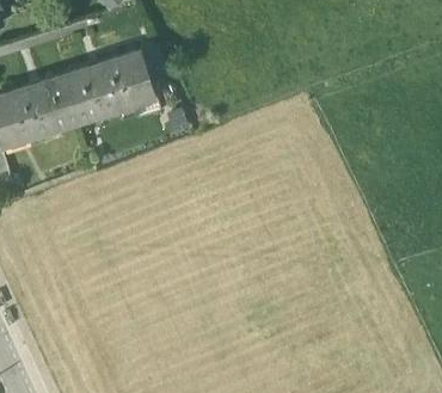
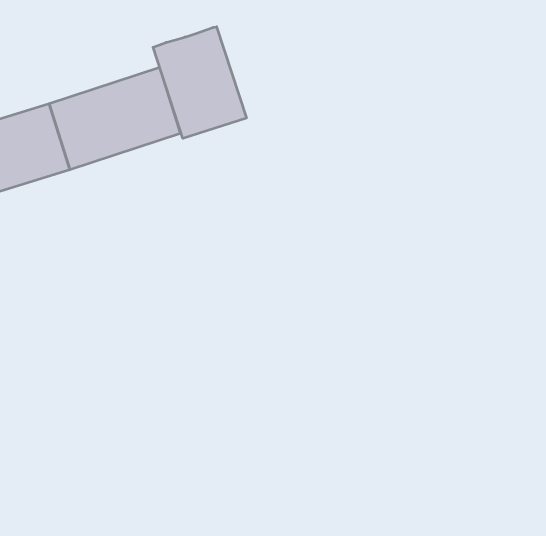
building: none -> [153,27,246,138]

